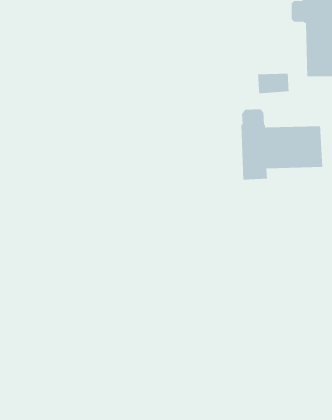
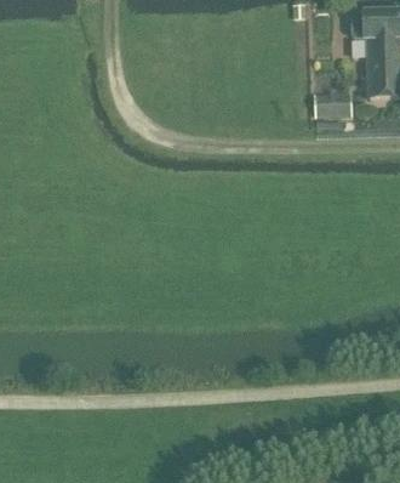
building: [241,108,323,181] -> none

